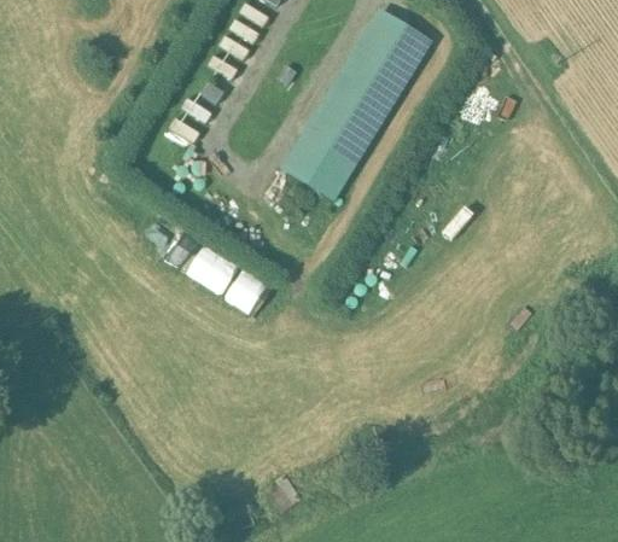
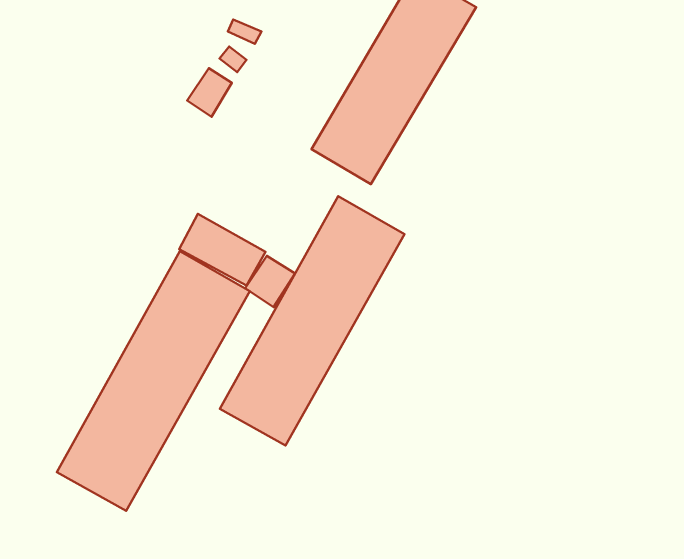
building: none -> [220,196,404,445]
building: none -> [57,251,250,511]

